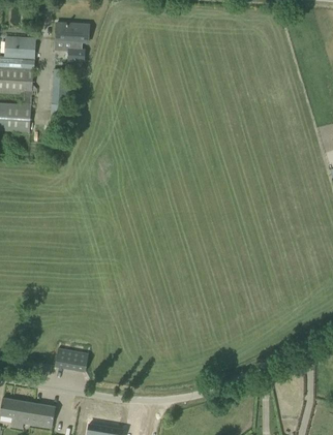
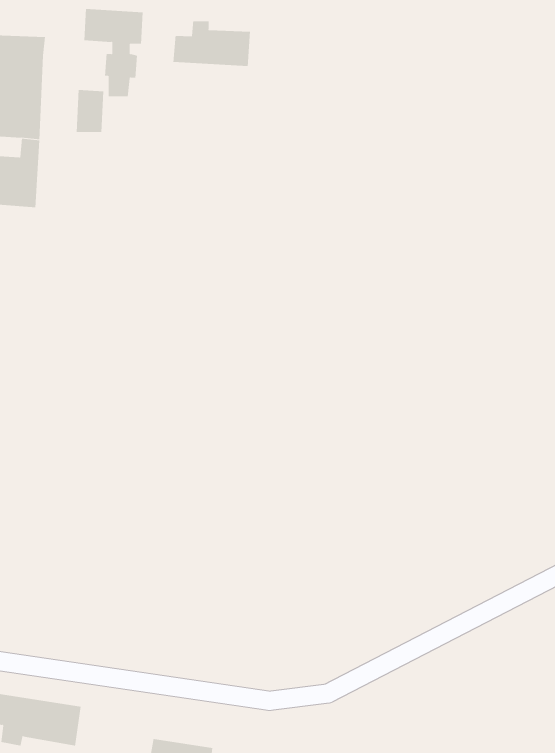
building: none -> [173,20,251,67]
building: [55,348,89,371] -> none

